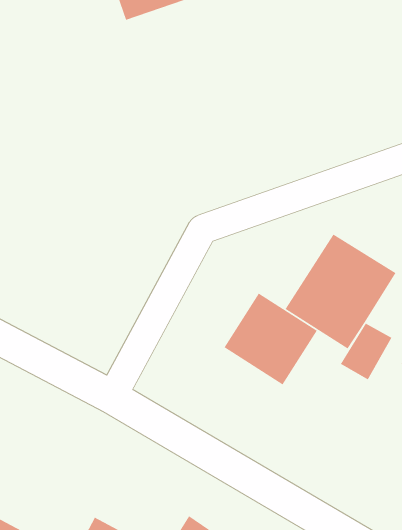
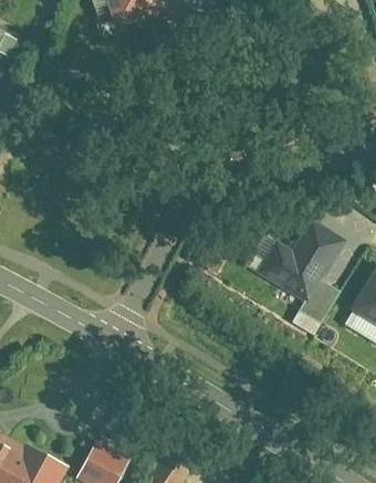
building: [223,292,318,385] -> none

